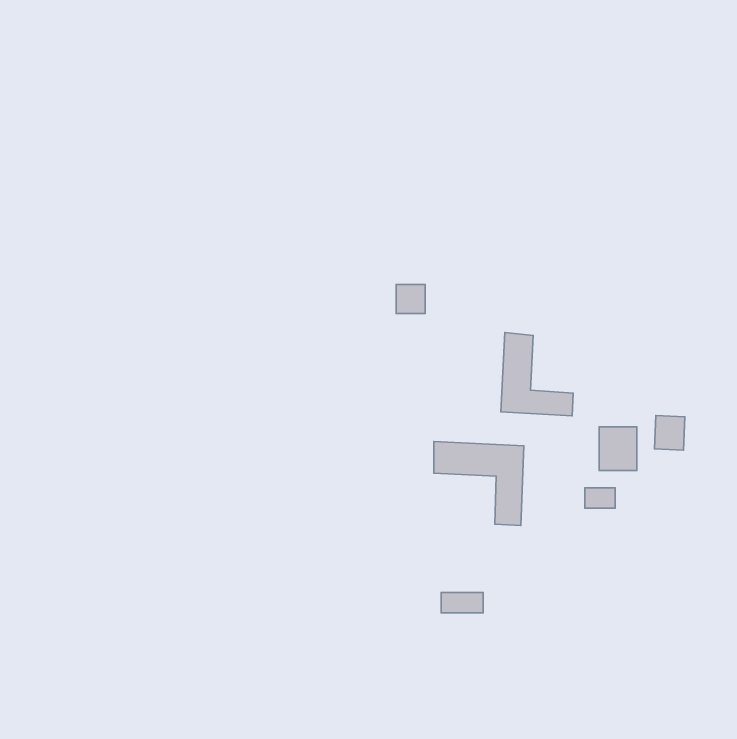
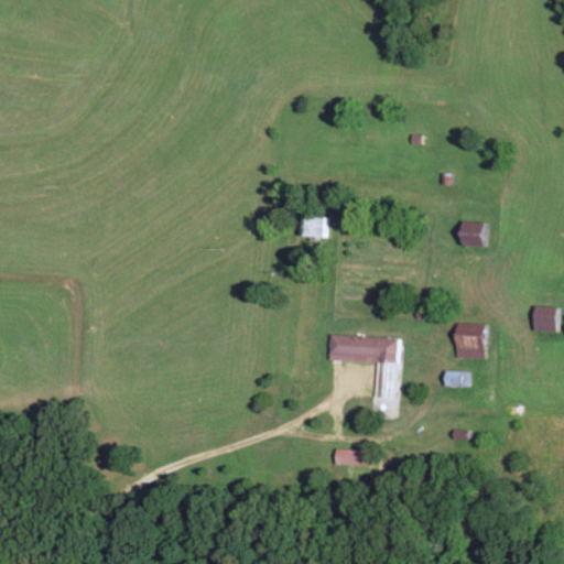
building: none -> [462,221,485,246]
building: [501,333,573,416] -> none
building: [654,415,685,450] -> [532,305,555,332]

